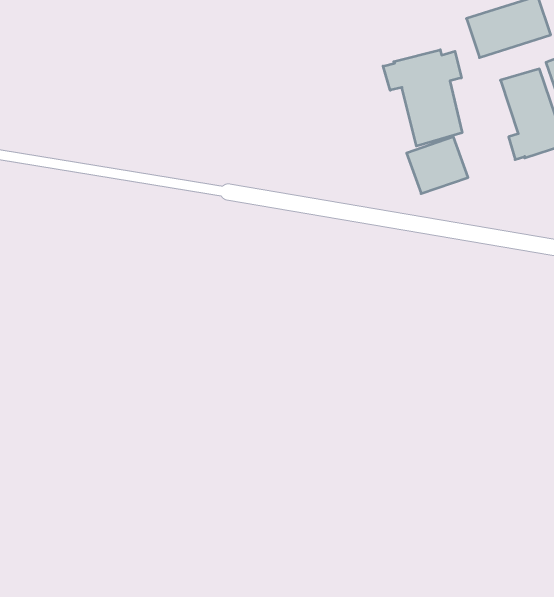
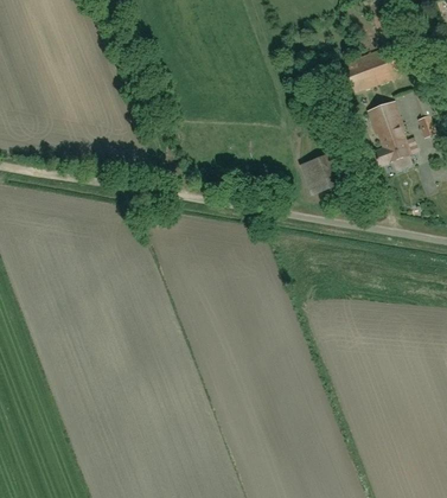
building: [383,50,462,146] -> none

